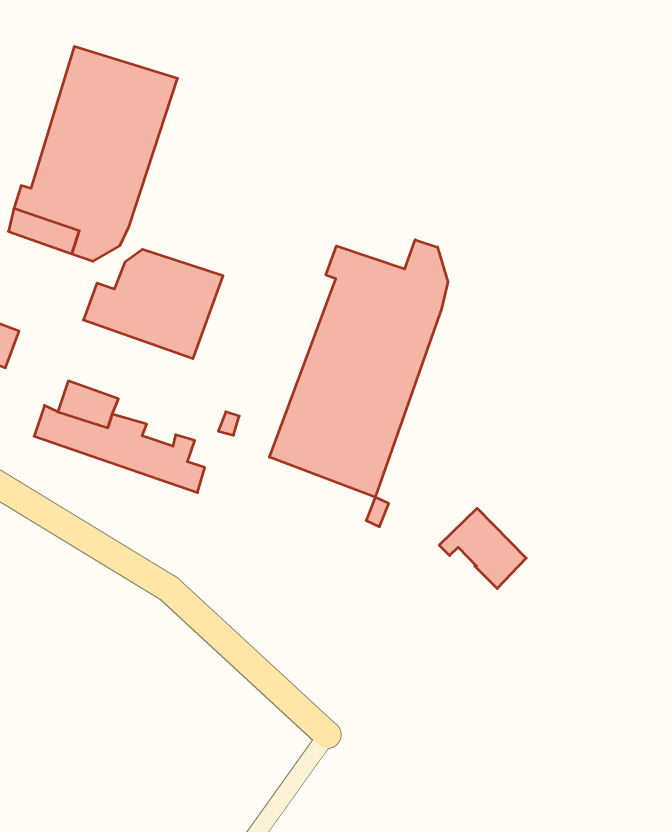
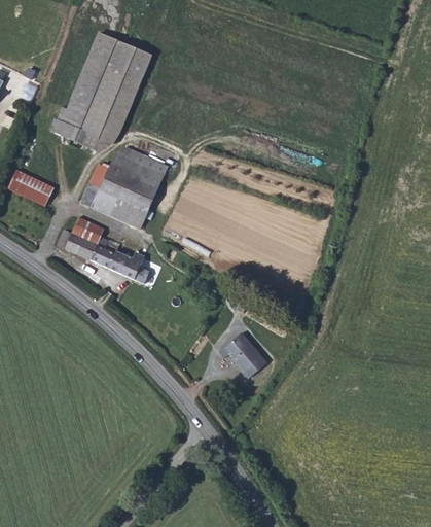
building: [269,240,448,497] -> none
building: none -> [81,183,148,229]
building: [439,508,526,589] -> [219,332,266,378]

